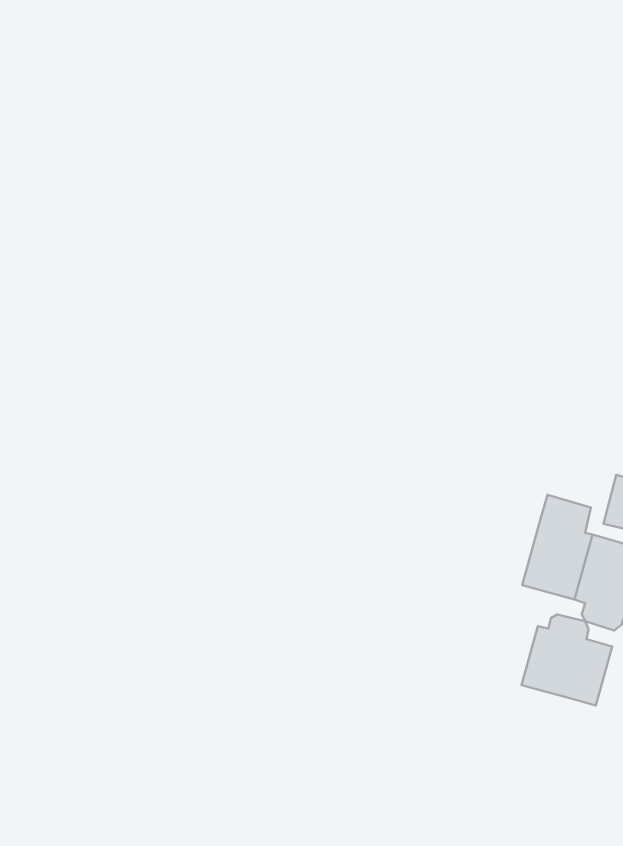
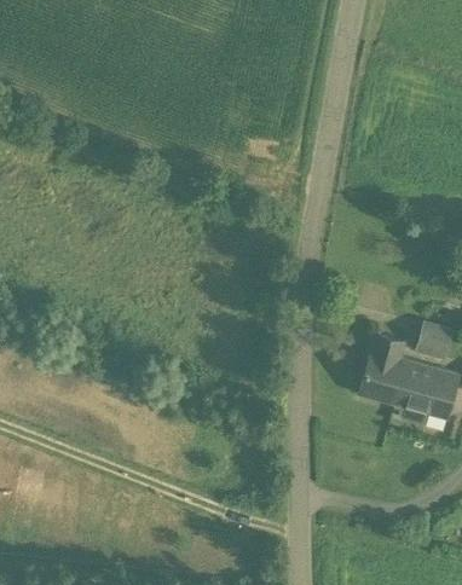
building: [522,614,612,706] -> none

